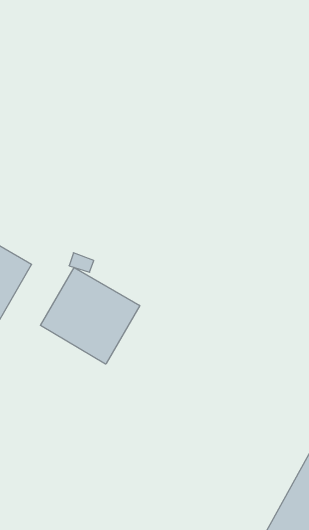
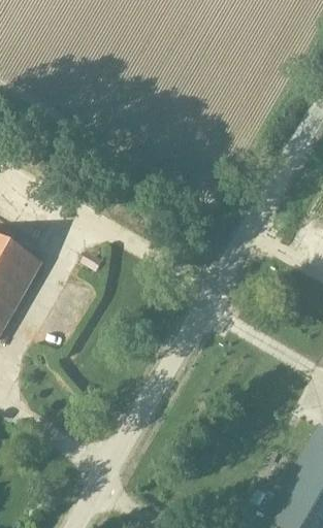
building: [40,267,140,364] -> none

